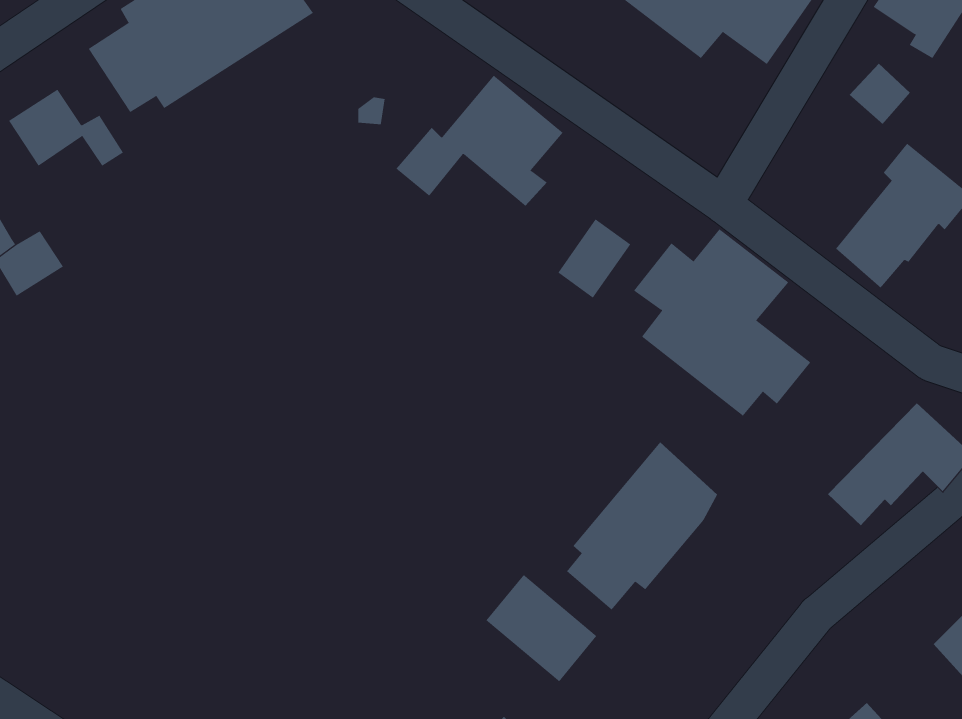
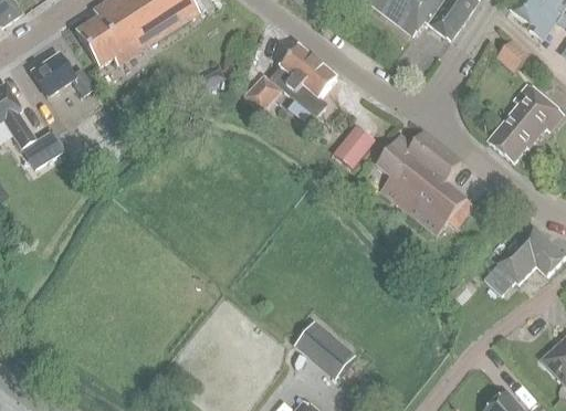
building: [566,441,718,610] -> none

